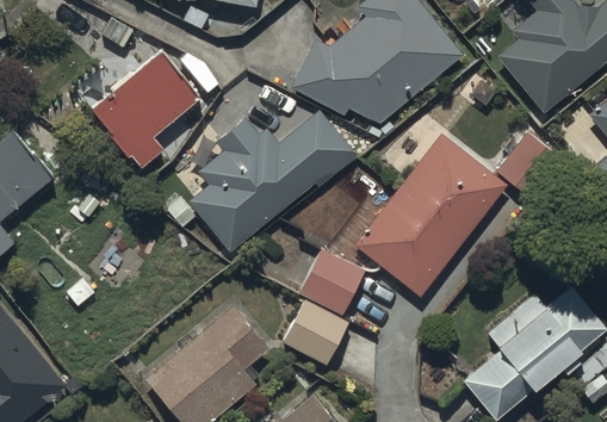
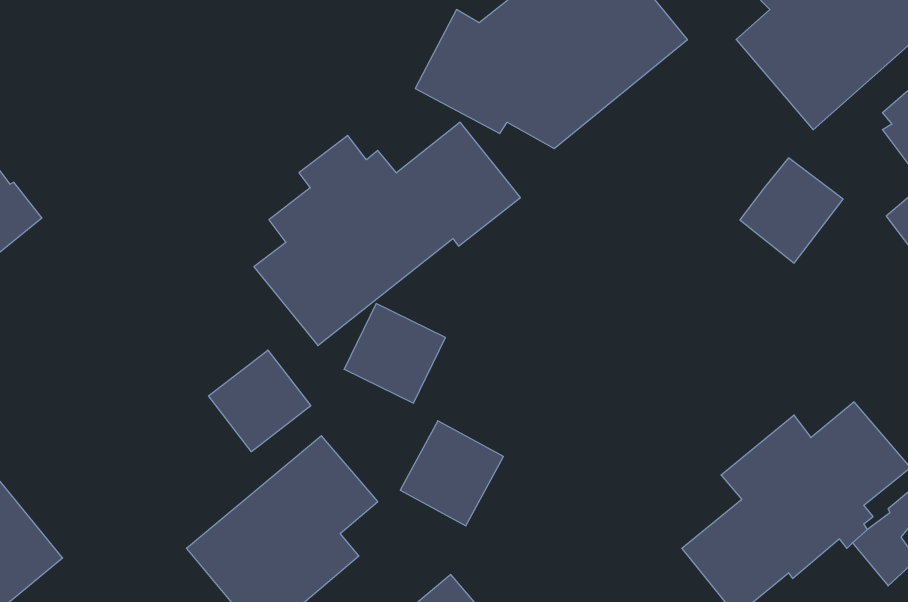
building: [92,44,200,157] -> none
building: [353,132,507,297] -> none
building: [298,250,363,314] -> [344,304,445,403]
building: none -> [209,350,311,452]

